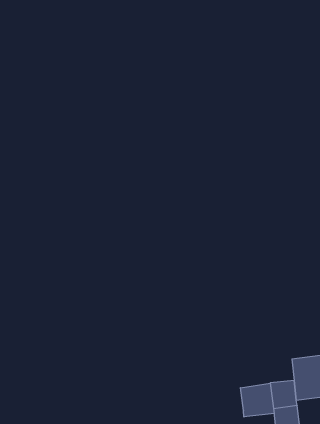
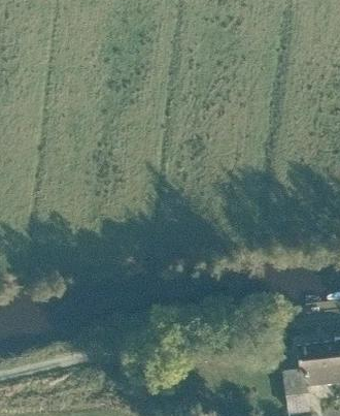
building: [240,383,274,417] -> none

